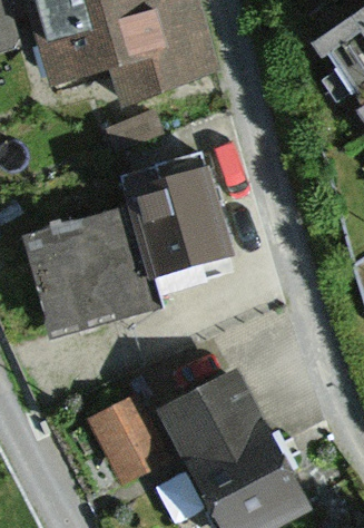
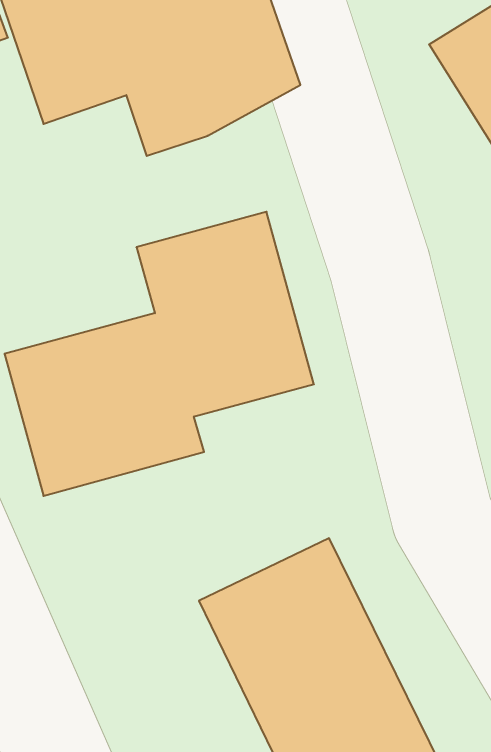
building: [88,397,170,487] -> none

